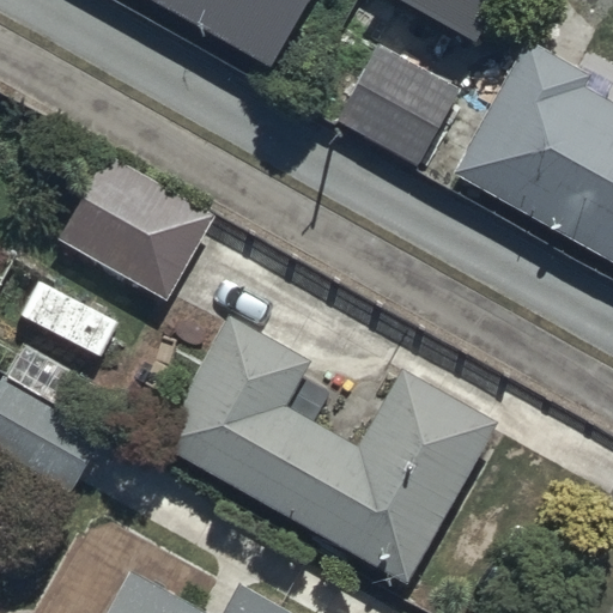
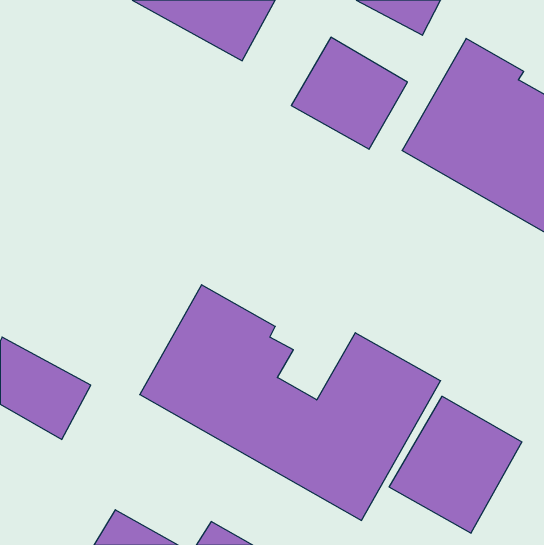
building: [57,157,212,299] -> none
building: none -> [389,396,522,533]

